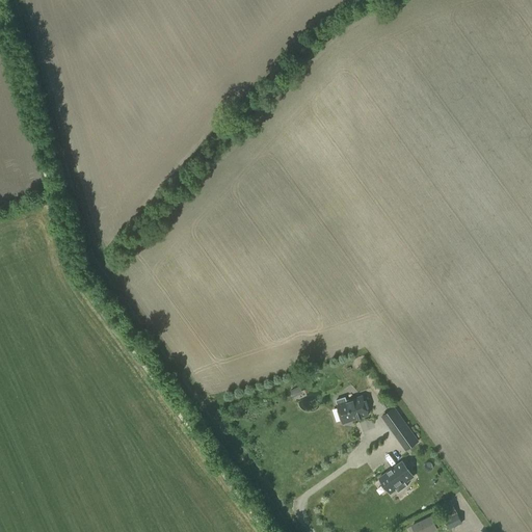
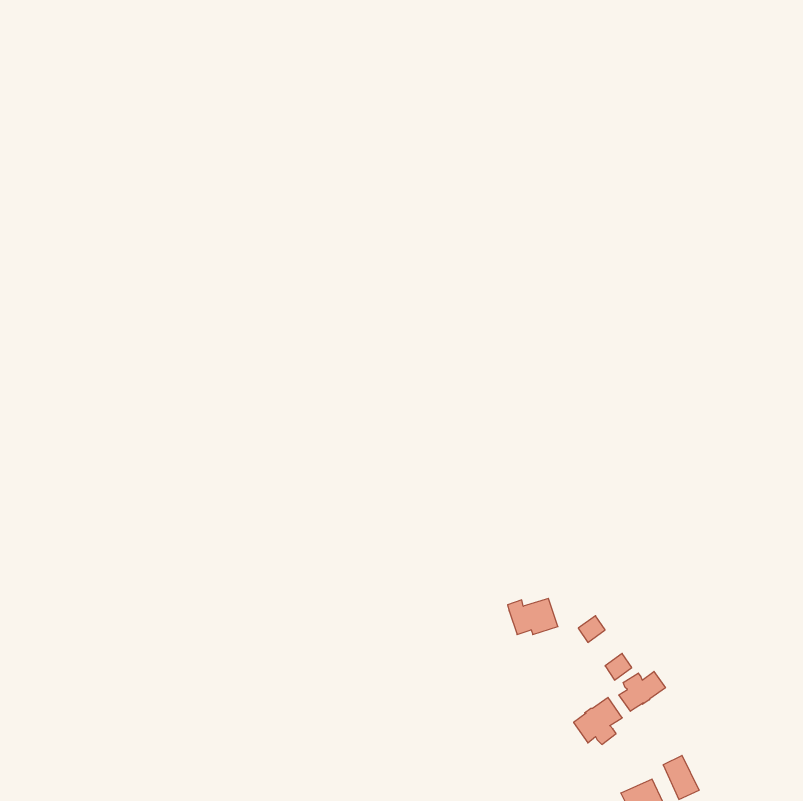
building: none -> [619,671,665,711]

